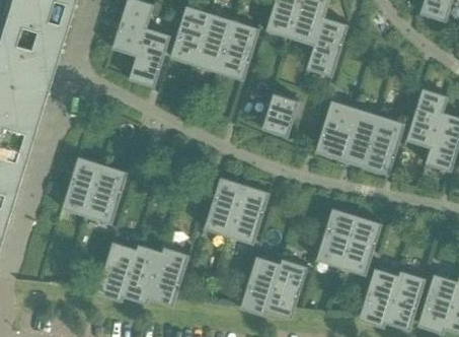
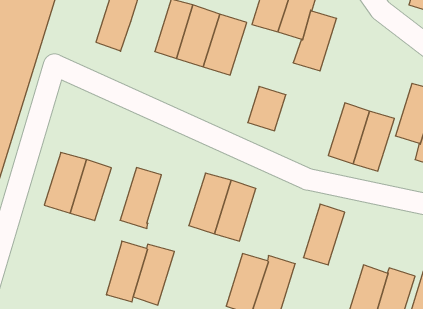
building: [128,28,169,88] -> none
building: [314,100,356,160] -> none
building: [339,216,381,276] -> none
building: [95,243,136,302] -> [120,168,161,228]

